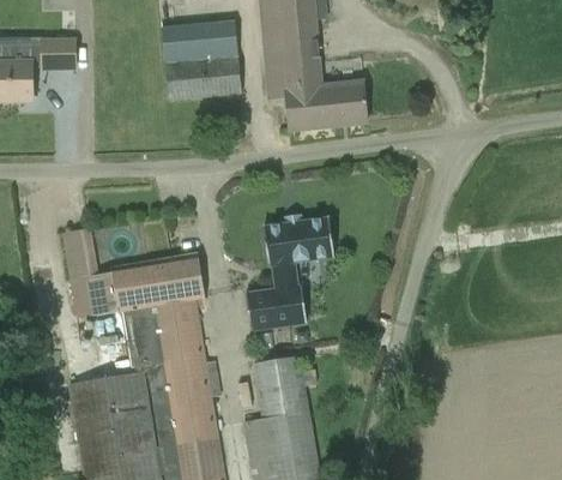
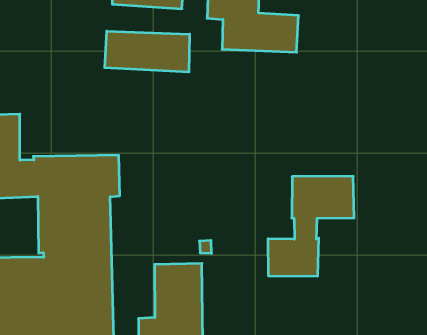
building: none -> [105,31,190,72]
building: [247,212,333,329] -> [268,176,354,276]

